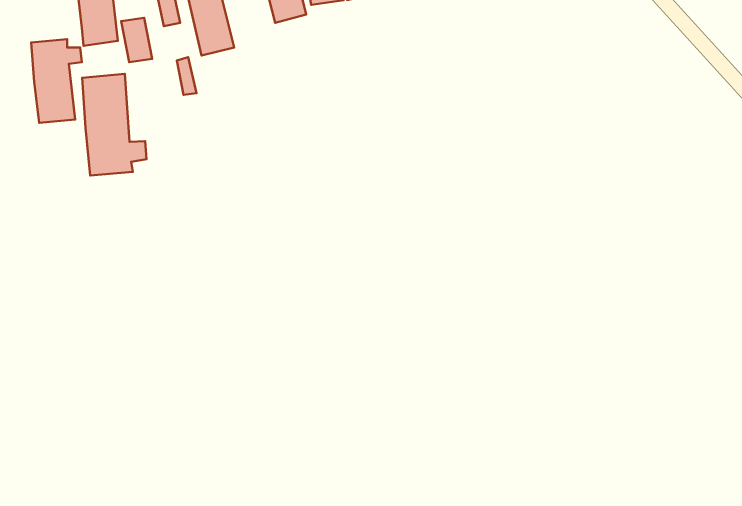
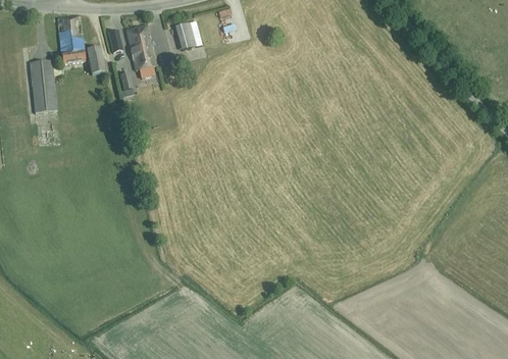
building: [82,74,146,176] -> none

